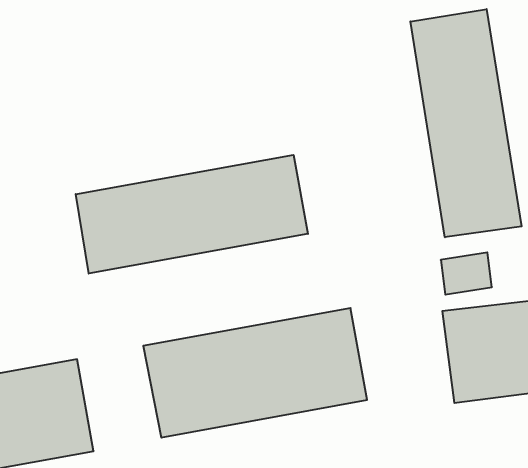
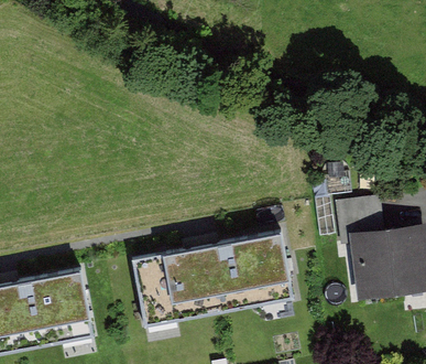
building: [410,9,522,237] -> none
building: [76,155,308,274] -> none

